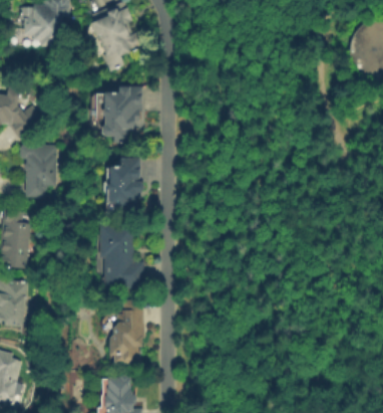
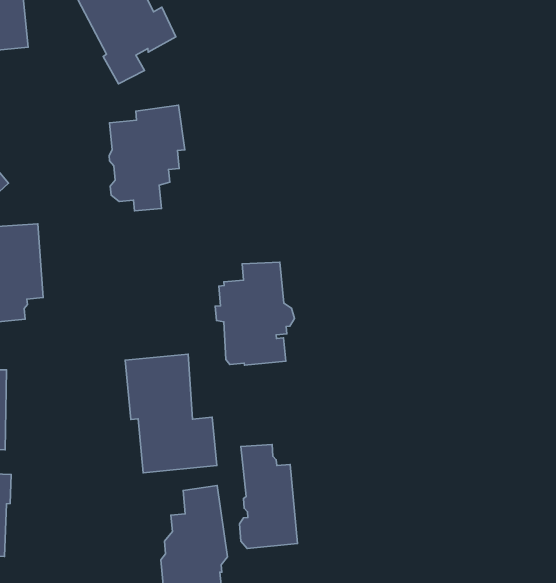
building: [101,157,144,213] -> [215,262,294,365]
building: none -> [239,445,298,549]

